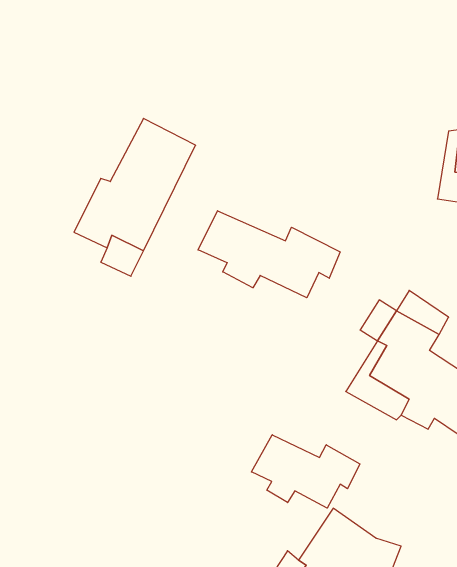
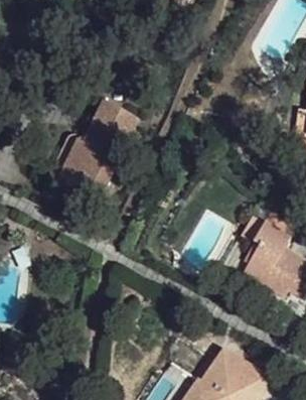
building: [198,211,340,298] -> none
building: [251,435,360,508] -> none

